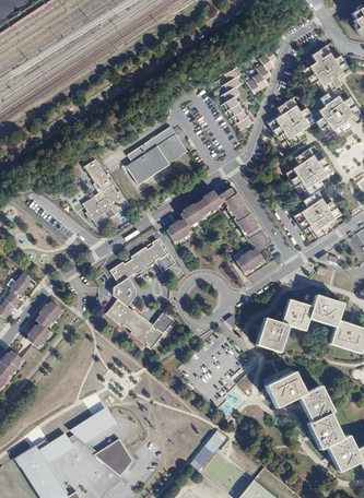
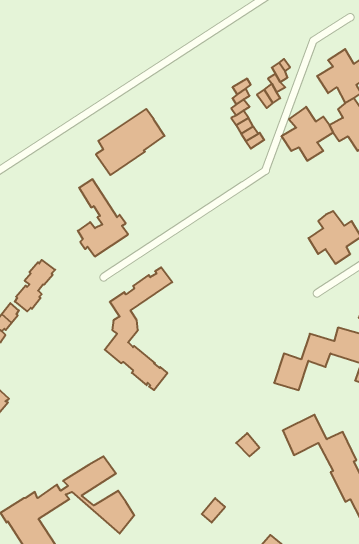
building: [128,127,189,186] -> [96,109,165,175]
building: [281,145,329,192] -> none
building: [165,189,267,268] -> none
building: [28,299,64,345] -> [15,260,55,311]

